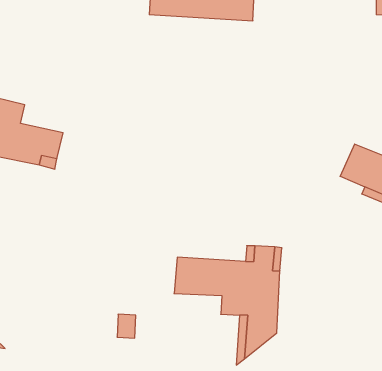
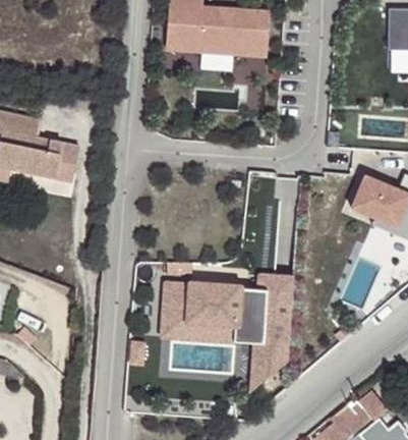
building: none -> [162,282,235,340]

